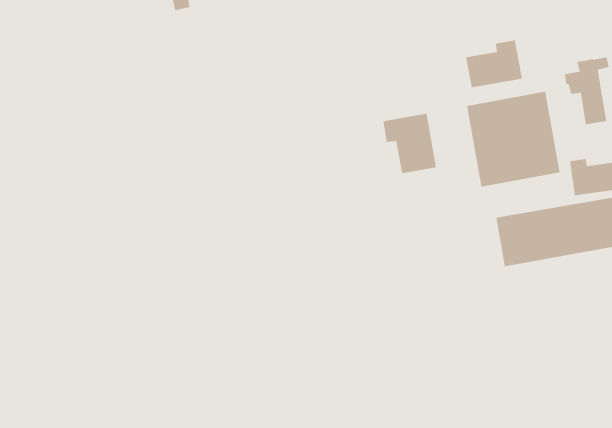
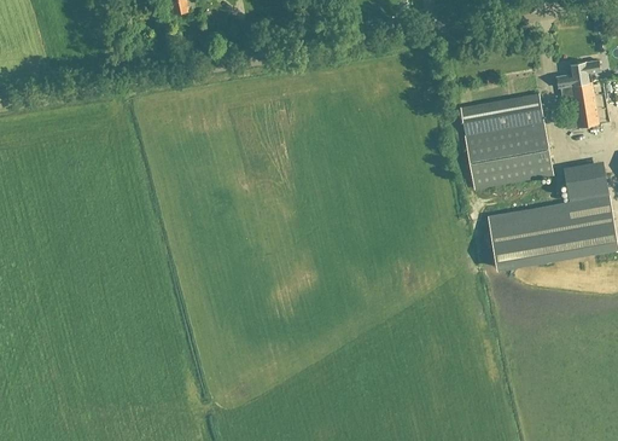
building: [465,40,523,88] -> none
building: [382,113,437,174] -> none

